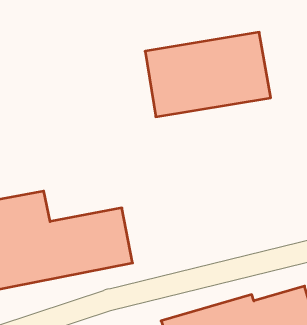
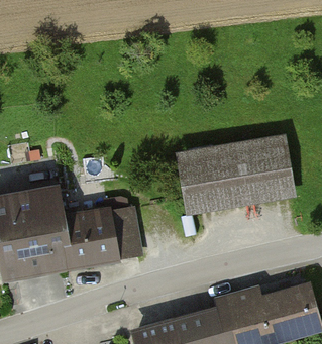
building: [145,32,271,117] -> [175,134,295,215]

